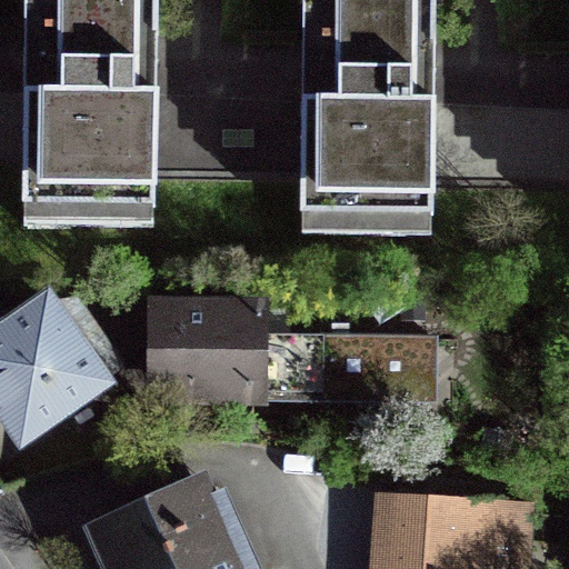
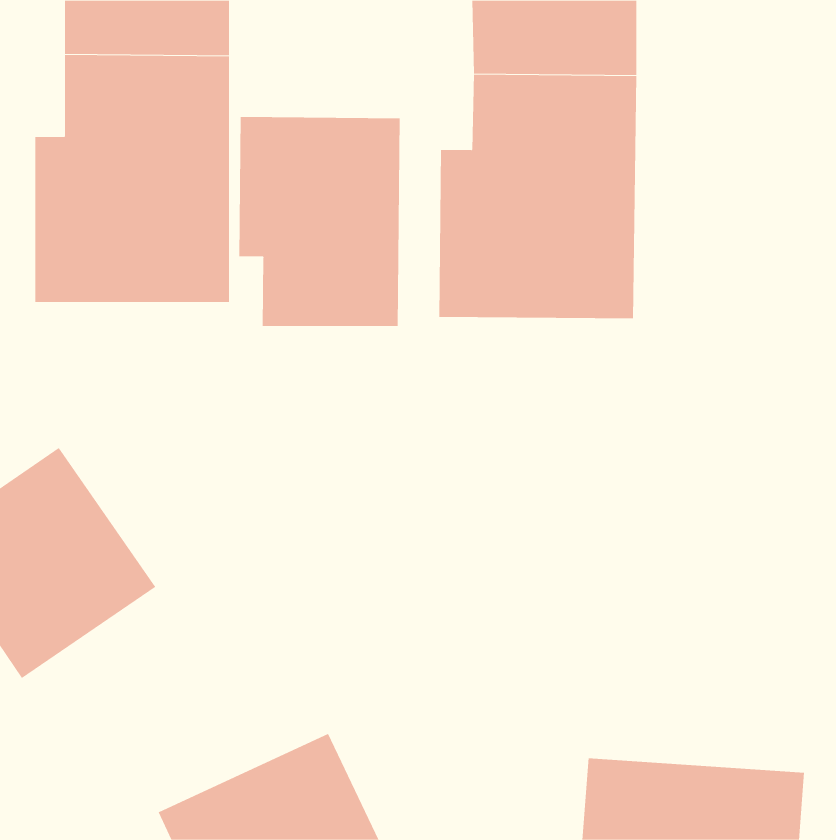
building: none -> [239,116,400,327]
building: [167,313,433,391] -> none

